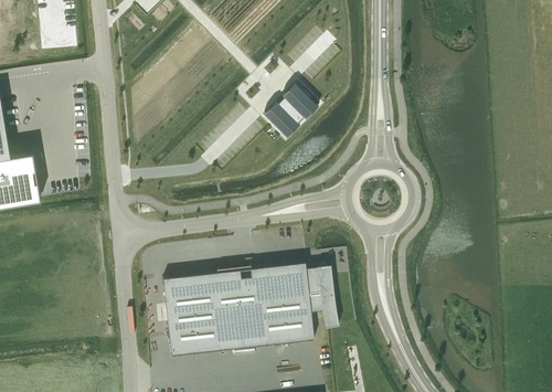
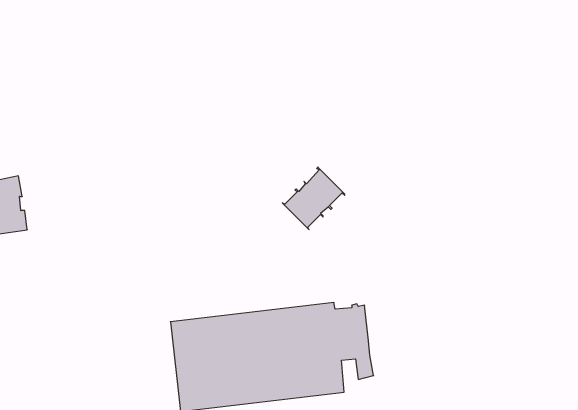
building: [264,85,318,139] -> [282,167,345,230]

